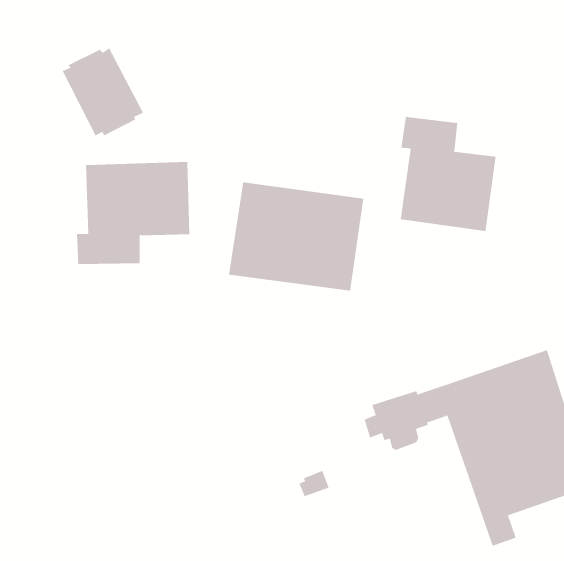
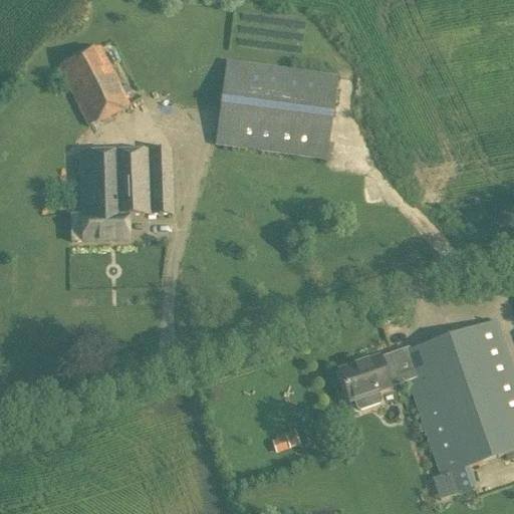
building: [400,116,496,232] -> none
building: [228,182,364,291] -> [215,58,338,158]

